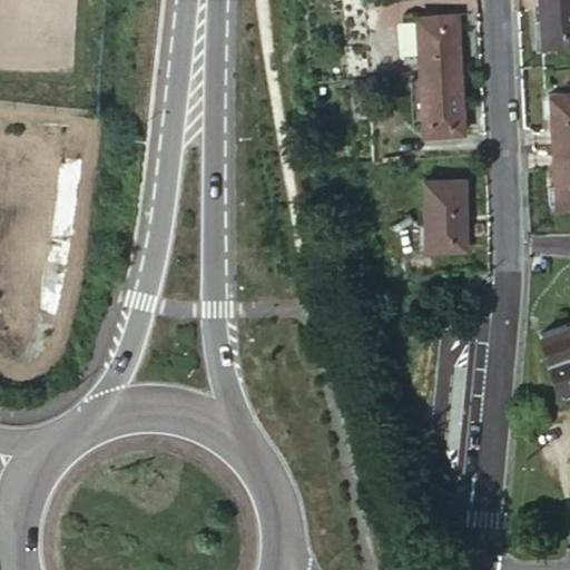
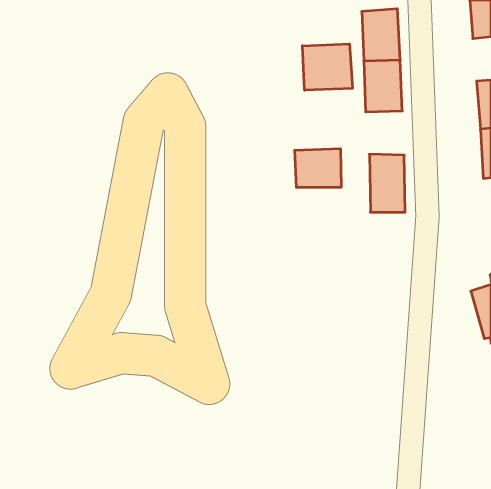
building: none -> [302,44,352,90]
building: none -> [295,149,341,187]

